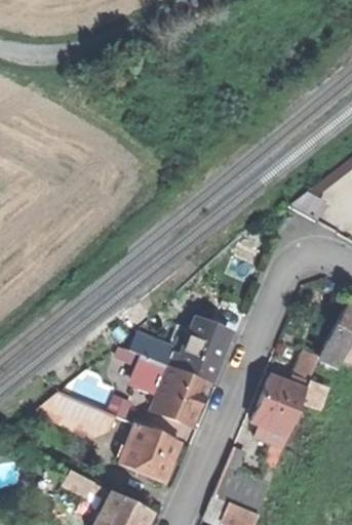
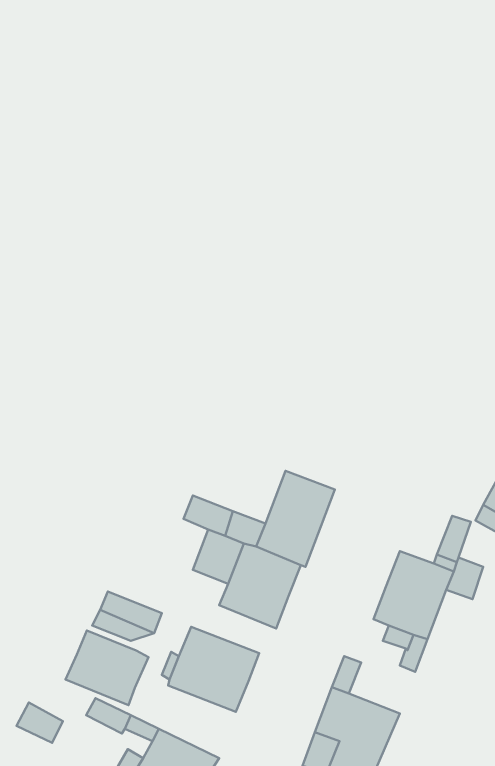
building: none -> [66,630,149,705]

